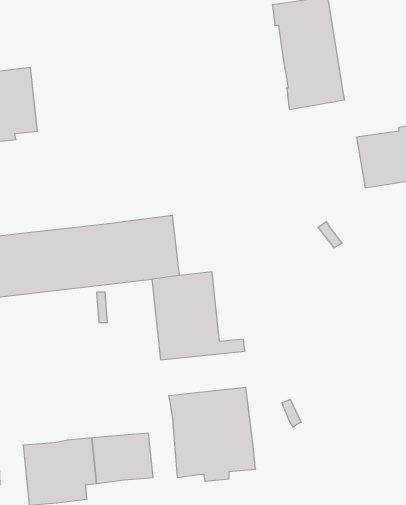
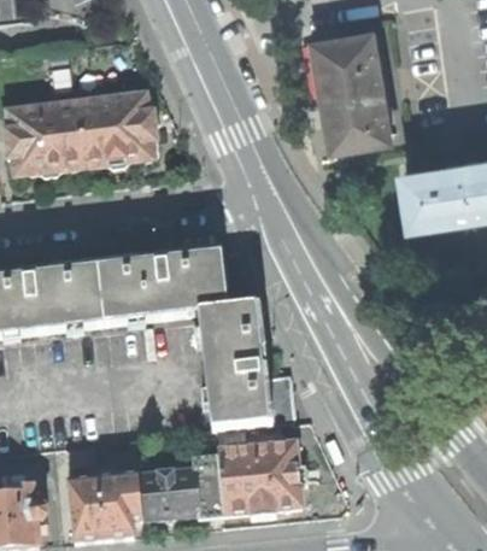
building: none -> [76,95,156,169]
building: none -> [206,387,294,432]
building: none -> [193,455,223,516]

